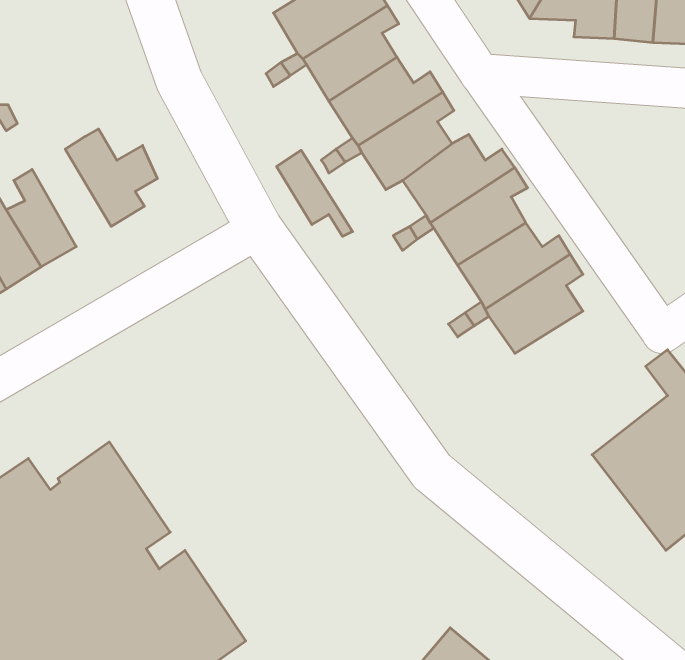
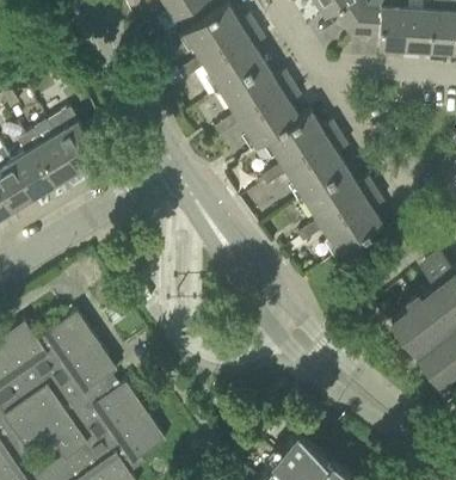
building: none -> [26,121,78,184]
building: [277,150,353,236] -> none

